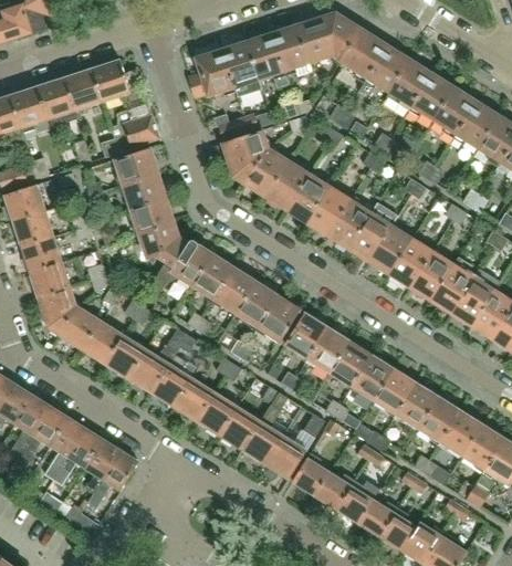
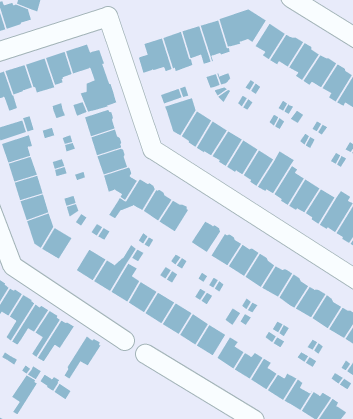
building: [237,282,276,325] -> none
building: [82,319,122,363] -> none
building: [83,438,118,492] -> [11,375,38,415]

